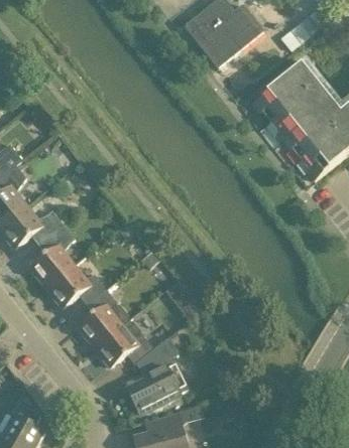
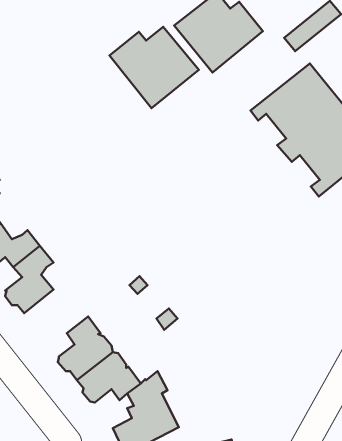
building: none -> [110,27,199,108]
building: [46,264,104,306] -> none

